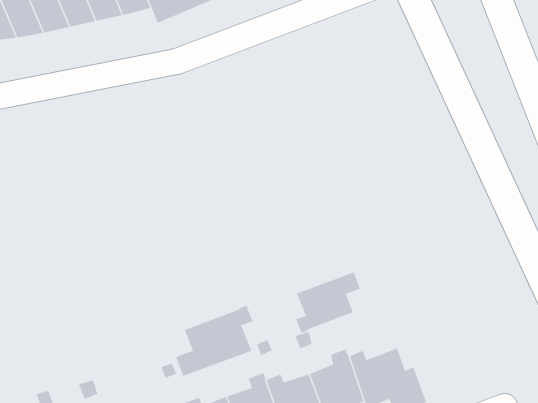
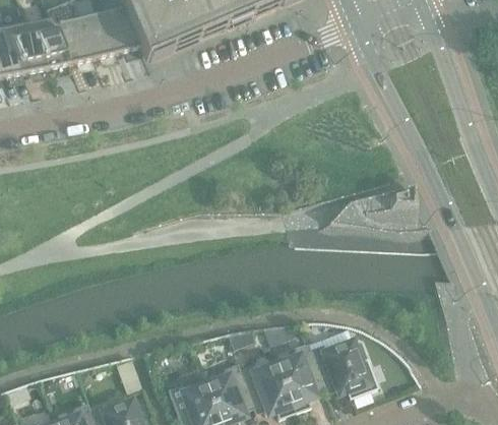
building: [296,272,360,334] -> none
building: [176,305,253,377] -> none

